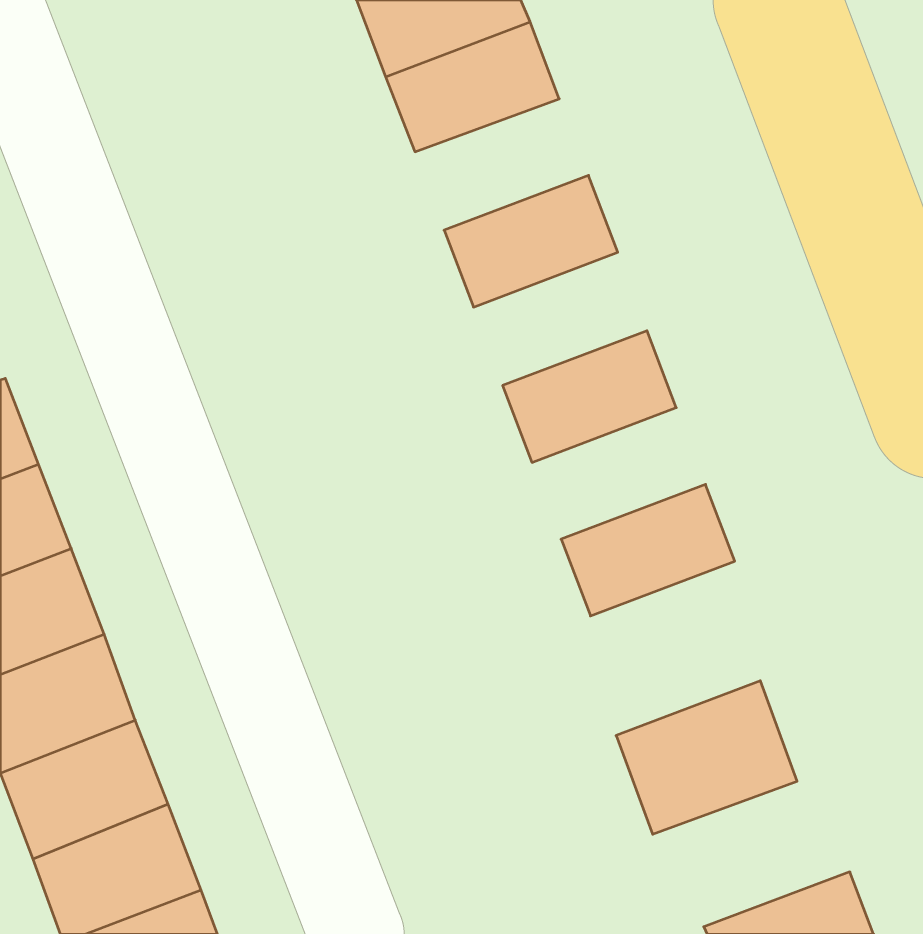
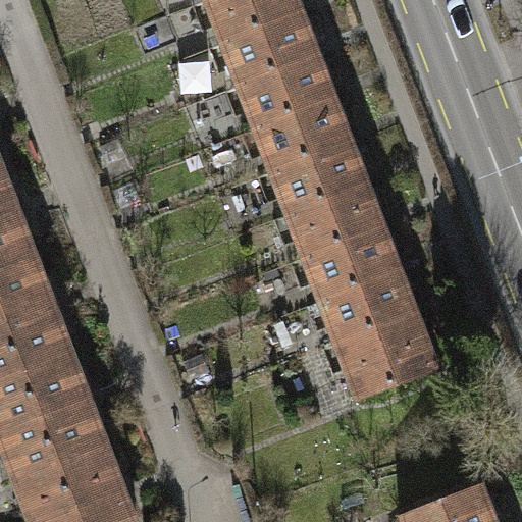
building: none -> [238,55,334,128]
building: none -> [270,141,367,215]
building: none -> [303,227,400,301]
building: [616,681,797,834] -> [335,313,436,399]

